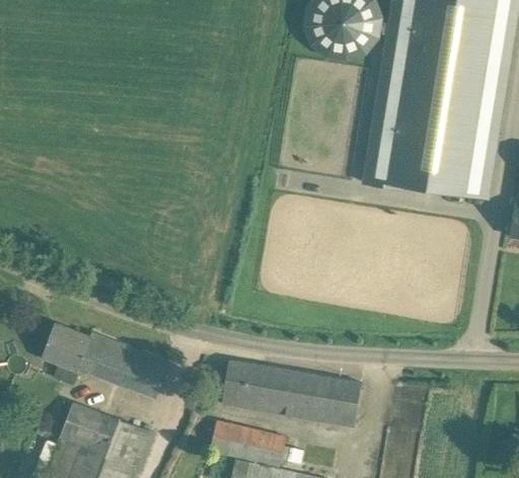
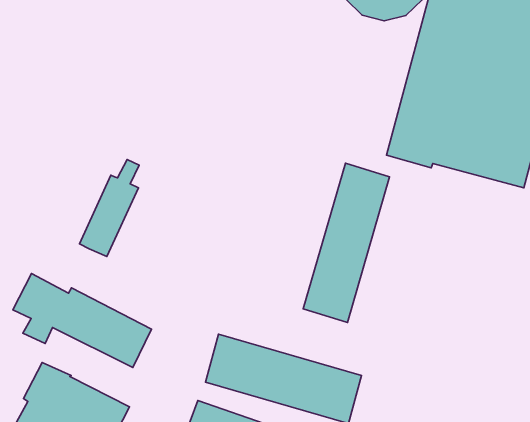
building: none -> [303,163,390,322]
building: none -> [79,160,139,256]

